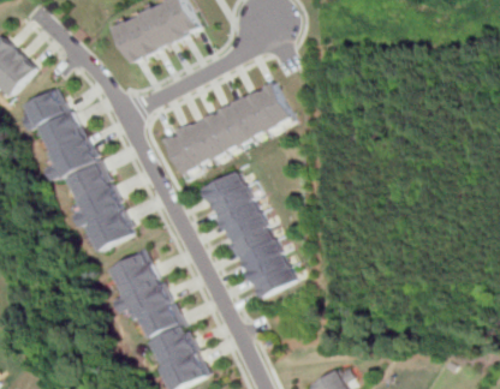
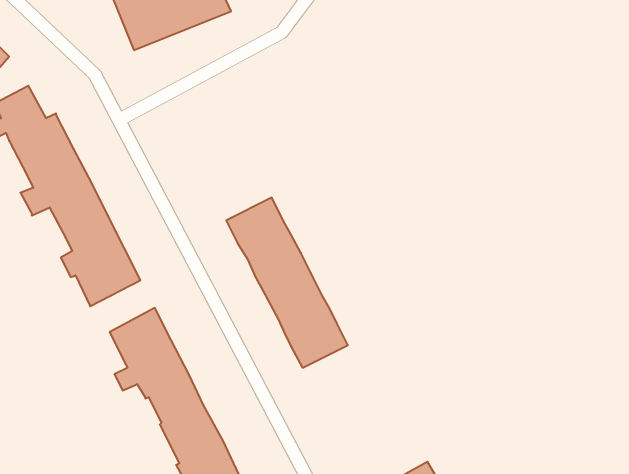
building: [159,84,288,173] -> none

